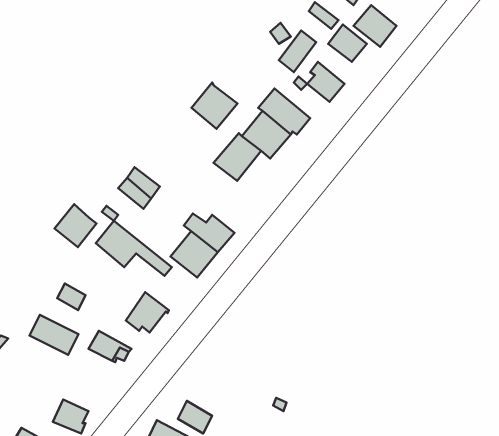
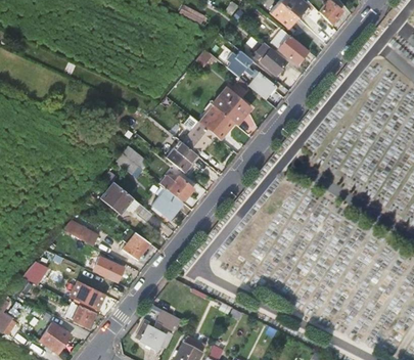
building: [191,83,237,129] -> [167,141,198,173]
building: [54,204,96,247] -> none
building: [29,315,78,355] -> [72,282,105,310]

